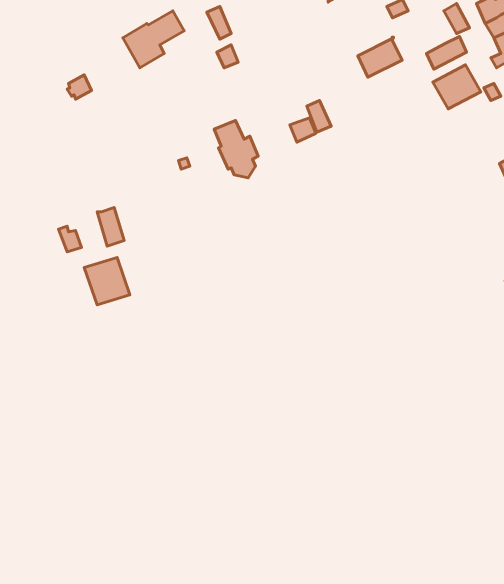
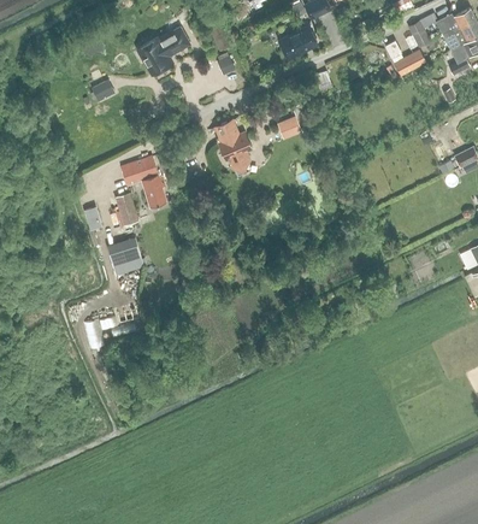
building: [358,37,402,77] -> [279,24,317,58]
building: [433,65,481,109] -> none
building: none -> [120,155,166,207]

